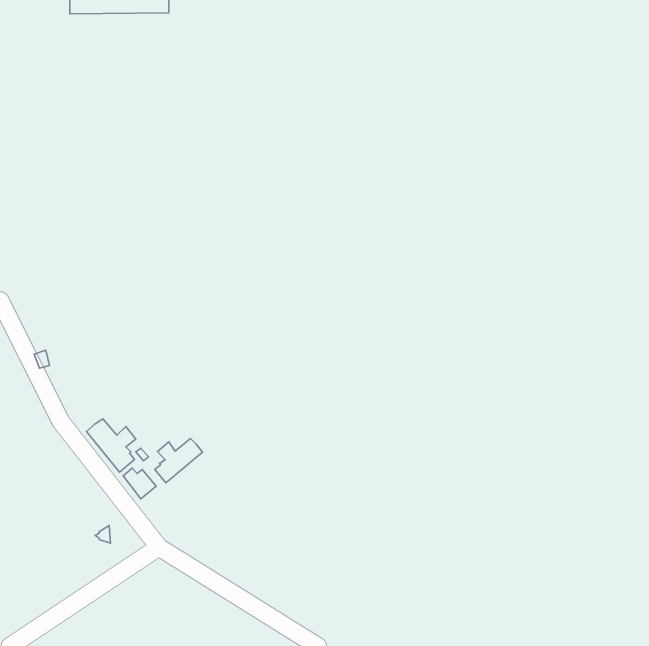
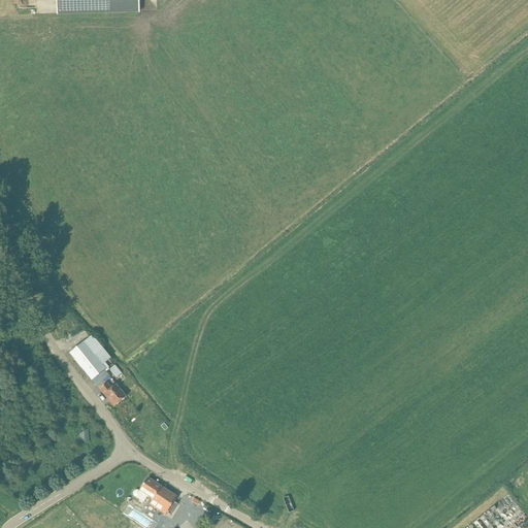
building: [155,439,203,483] -> none
building: none -> [133,476,177,513]

